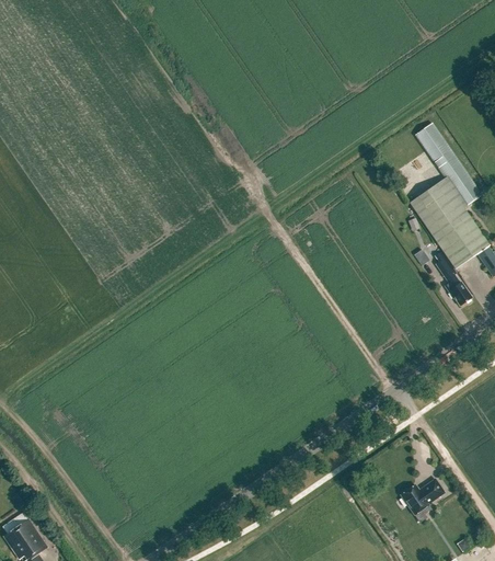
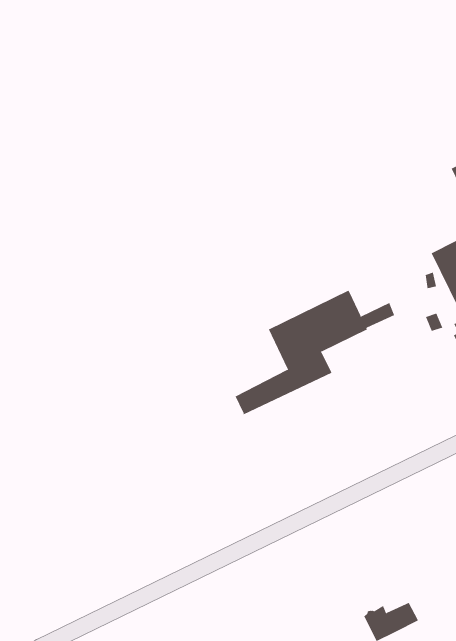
building: none -> [235,290,395,415]

